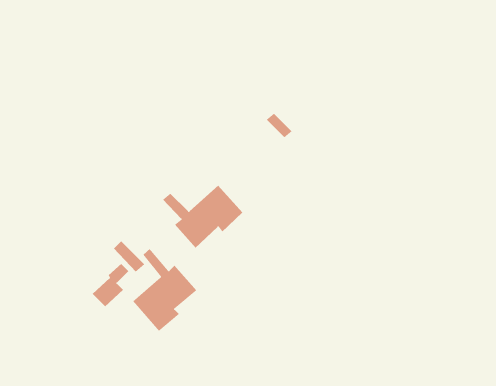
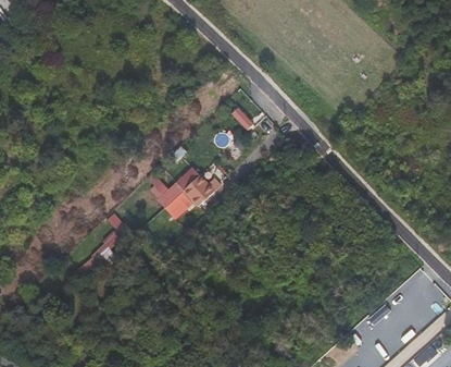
building: [132,248,197,332] -> none

